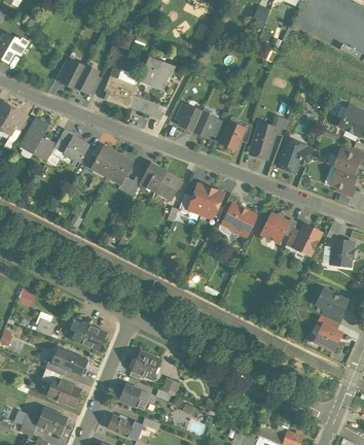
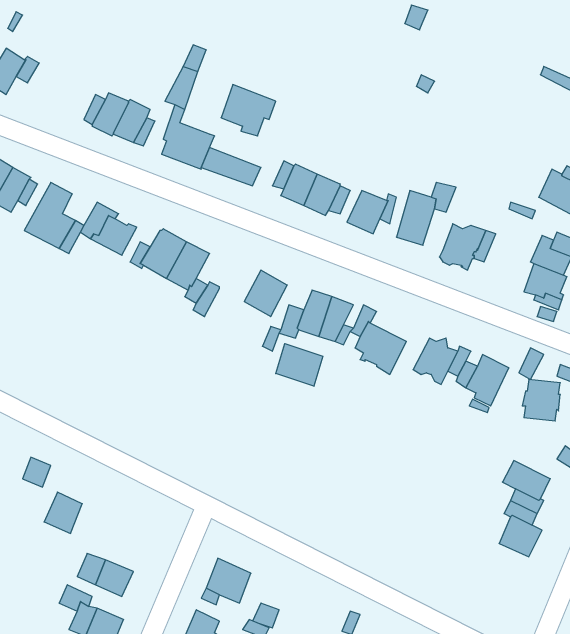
building: [141,163,167,191] -> none
building: none -> [276,344,323,386]
building: [72,321,106,348] -> none

